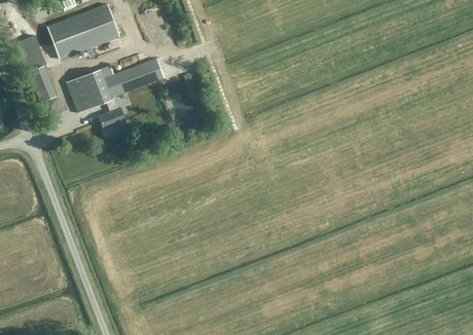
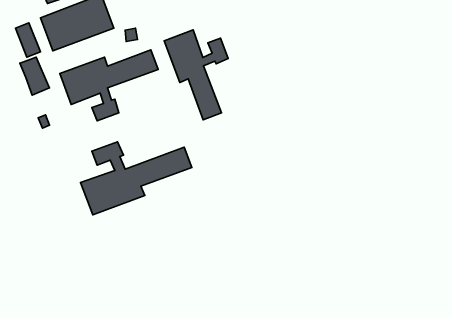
building: none -> [164,30,228,120]
building: none -> [81,142,192,215]

